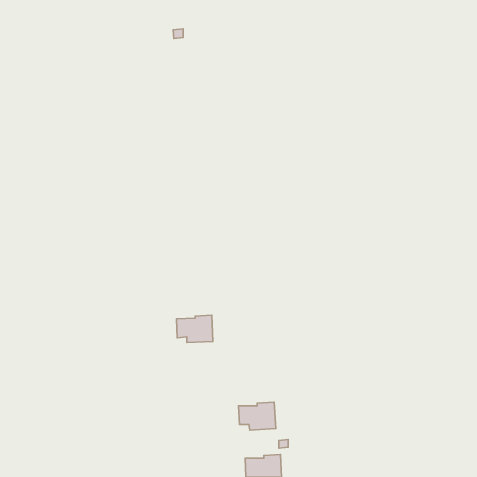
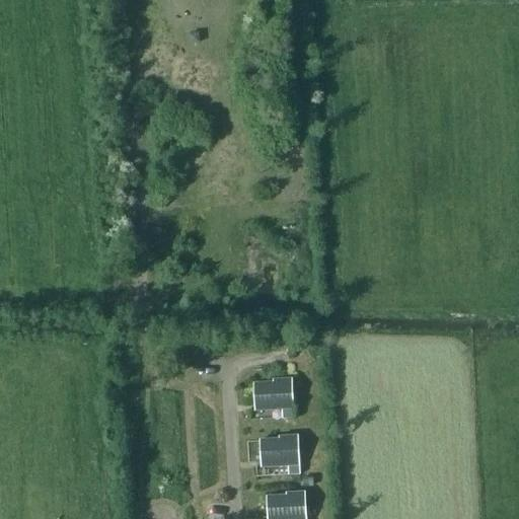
building: [176,315,213,342] -> [253,380,293,410]

